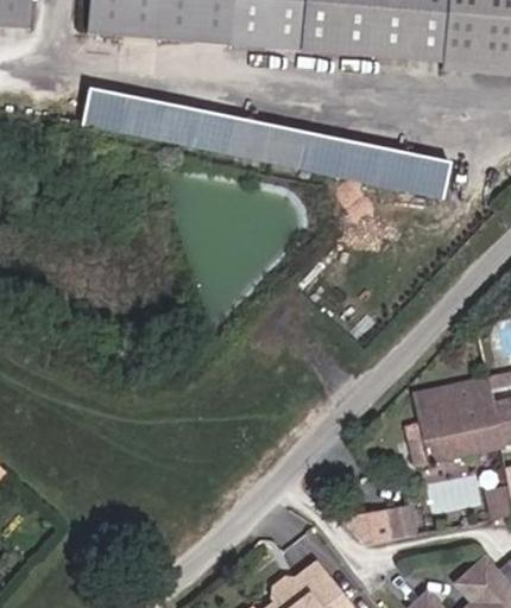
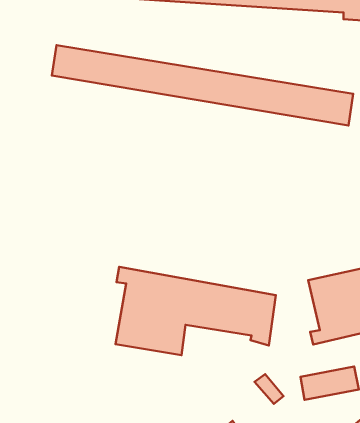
building: none -> [116,267,276,355]

